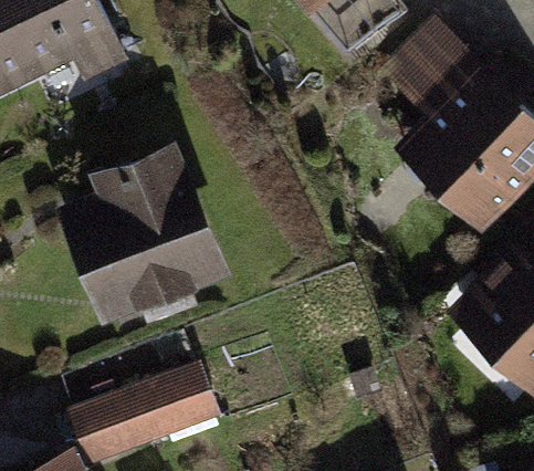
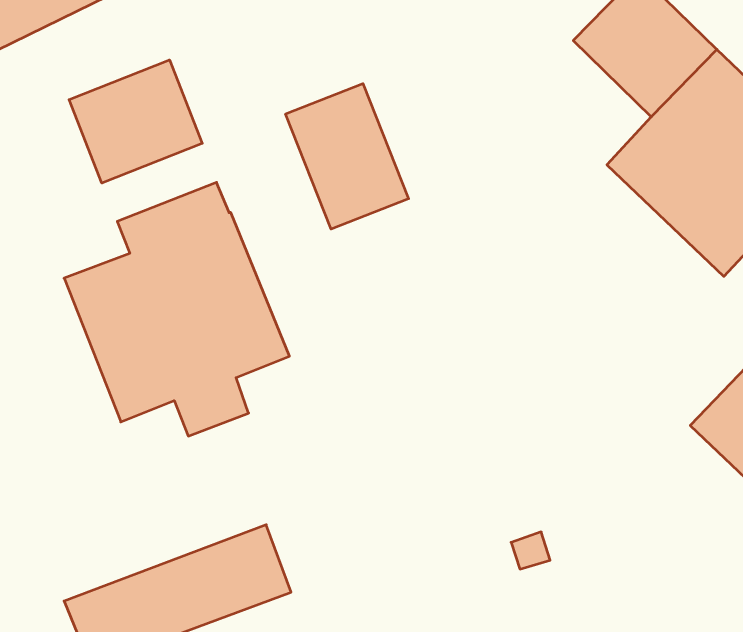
building: none -> [69,60,202,183]
building: none -> [286,84,409,229]

